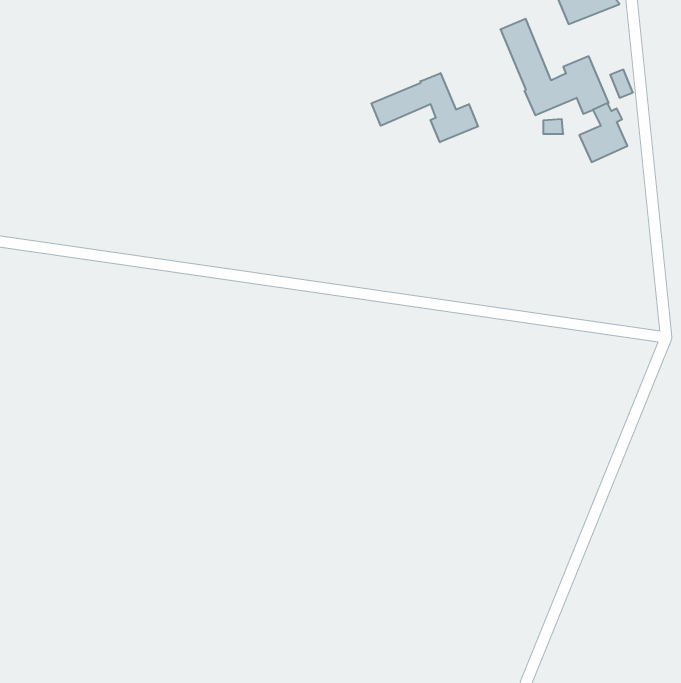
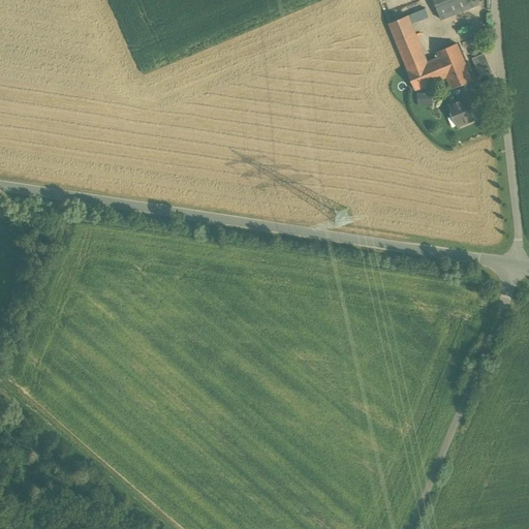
building: [371,73,478,142] -> none

